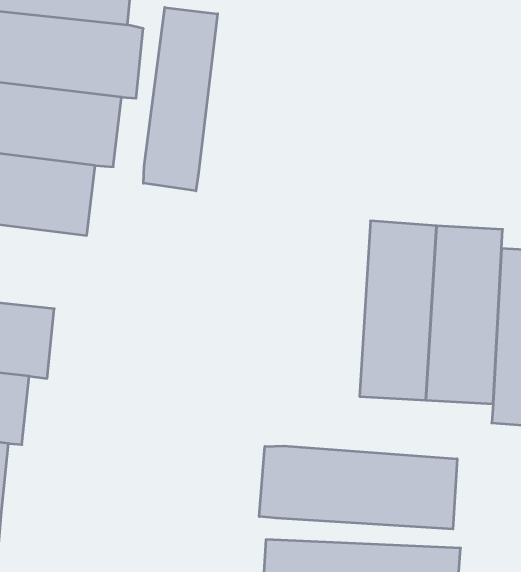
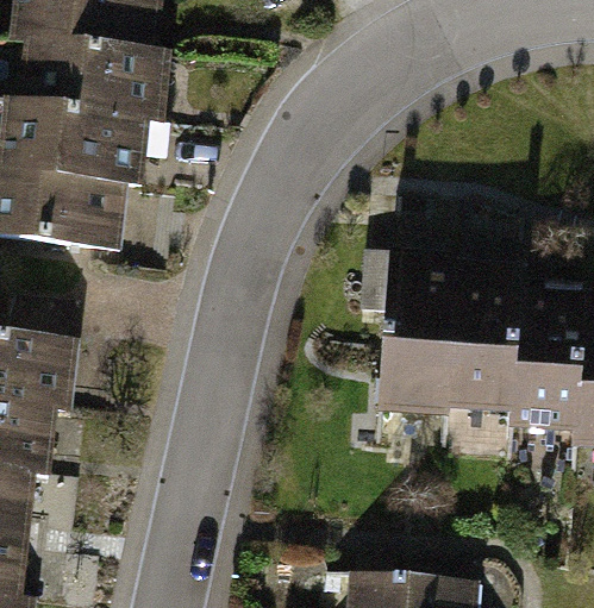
building: [143,7,218,191] -> none
building: [259,446,457,529] -> none

